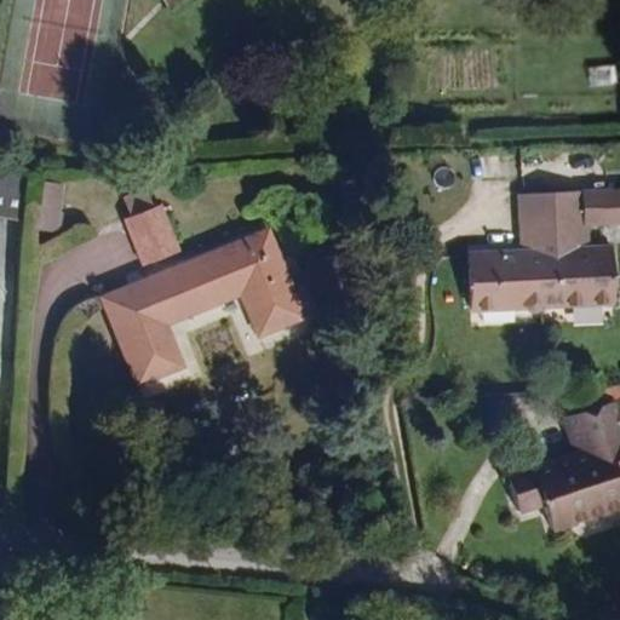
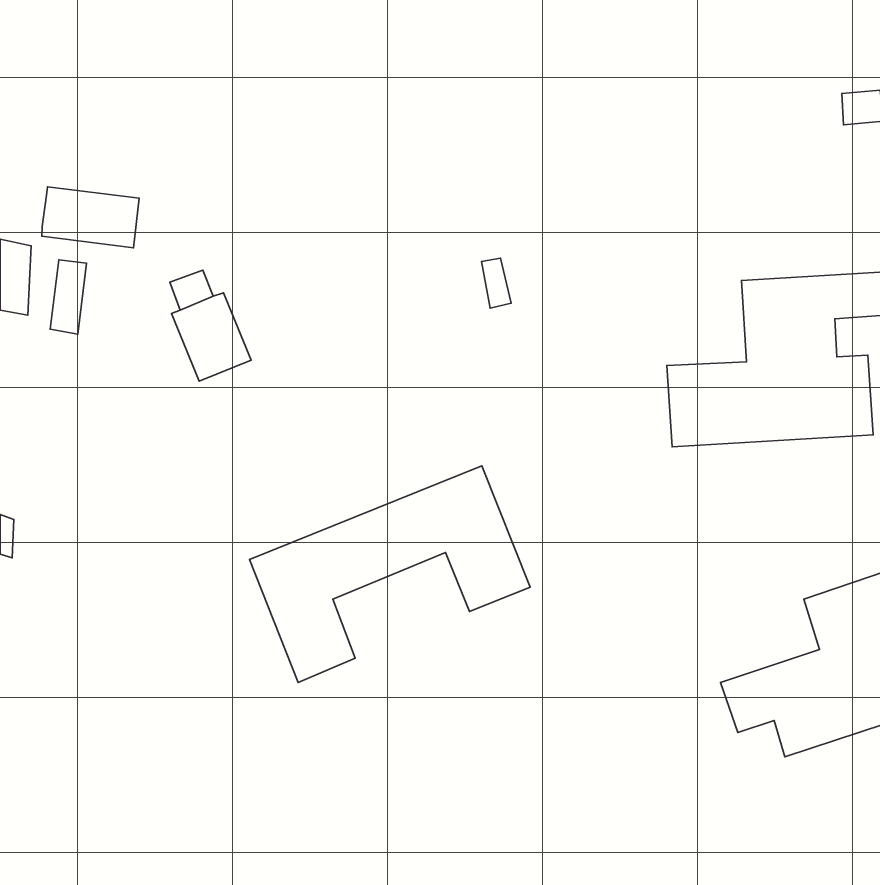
building: none -> [42,187,139,248]
building: [105,231,302,383] -> [250,466,530,682]

